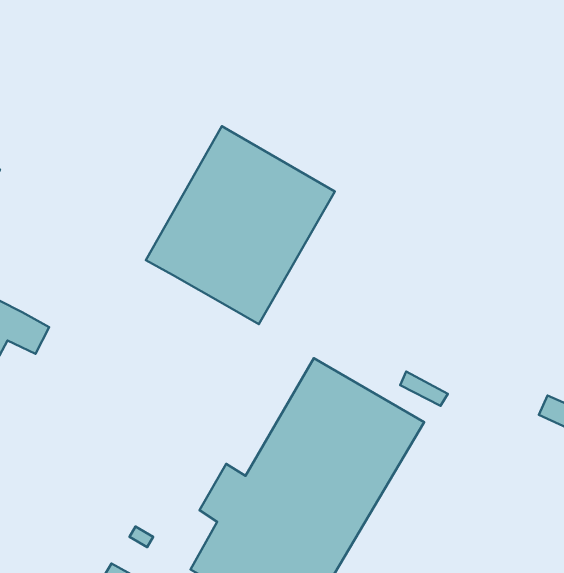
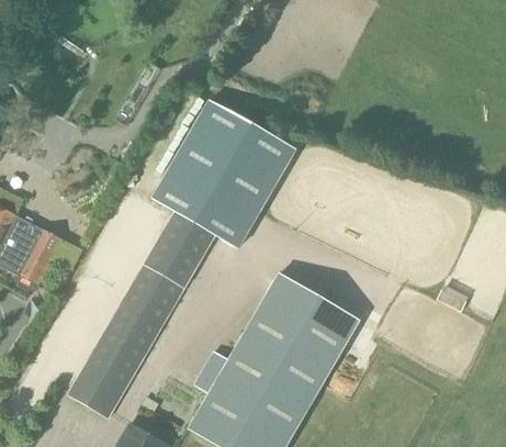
building: none -> [68,211,215,417]

